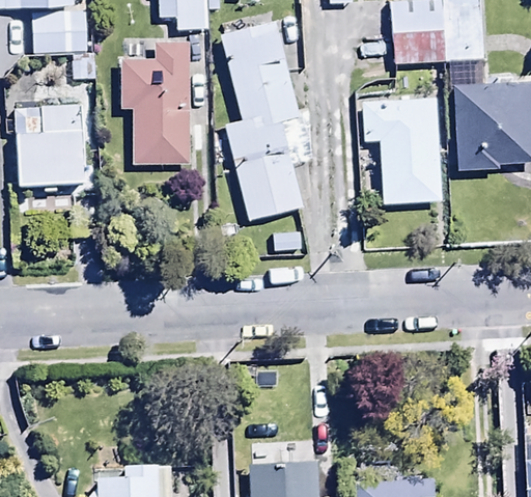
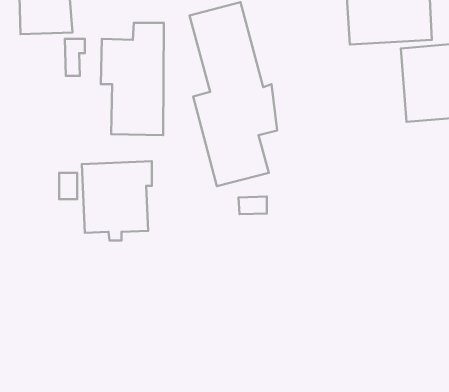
building: [362,98,440,203] -> none
building: [15,104,91,191] -> [82,161,152,240]

